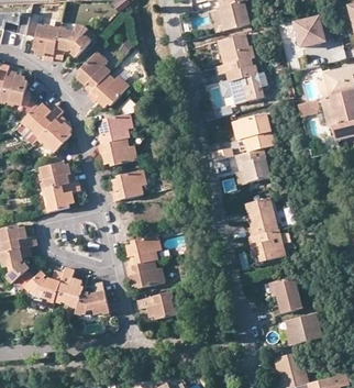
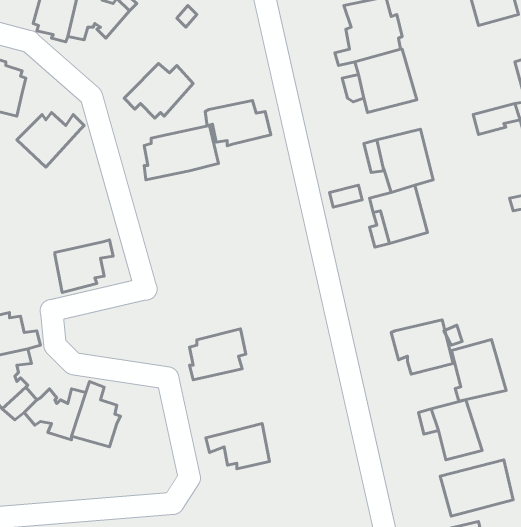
building: [76,51,109,92] -> none
building: [37,113,70,152] -> none
building: [97,138,136,166] -> [205,100,271,146]
building: [40,162,74,188] -> none
building: [111,169,145,201] -> none
building: [245,198,278,235] -> [452,340,506,401]
building: [124,259,164,288] -> none
building: [76,280,108,313] -> none

